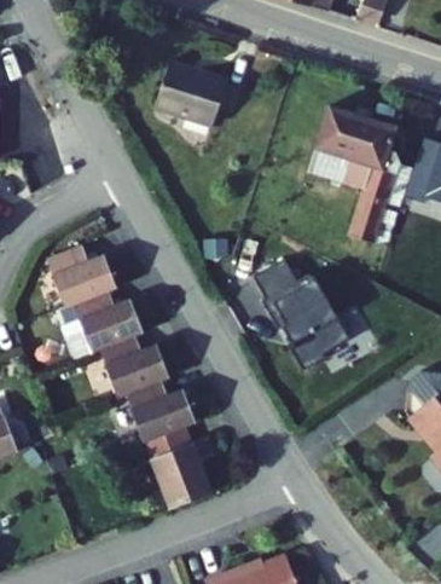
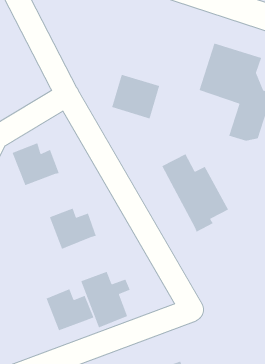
building: [156,60,226,126] -> [111,74,160,119]
building: [65,287,137,351] -> none
building: [118,377,188,440] -> [45,288,94,332]

